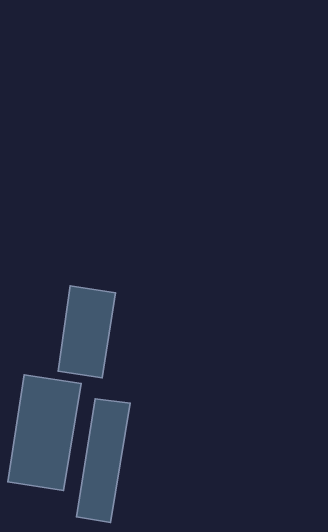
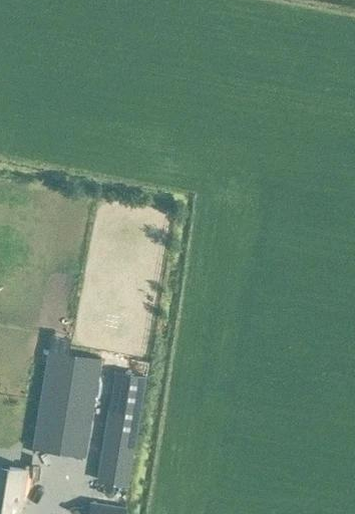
building: [58,286,115,378] -> none

